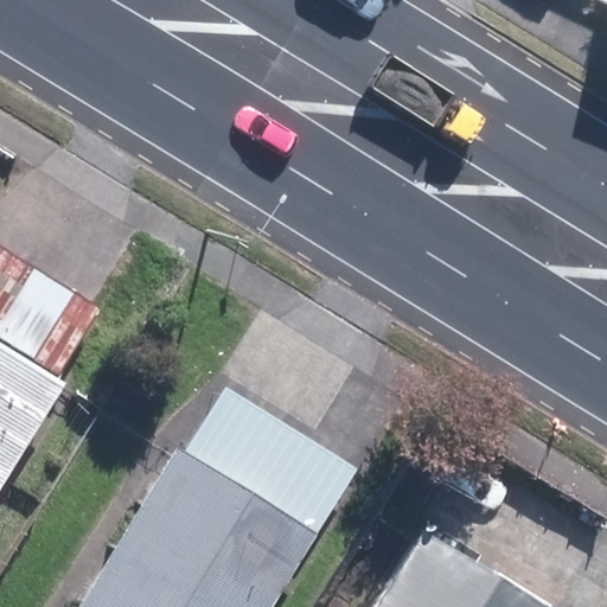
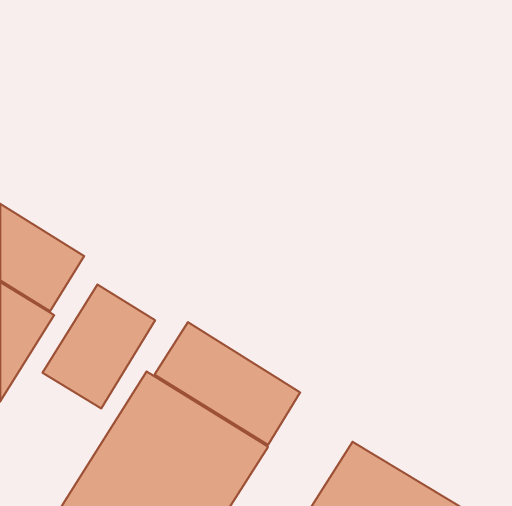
building: none -> [43,284,155,409]

